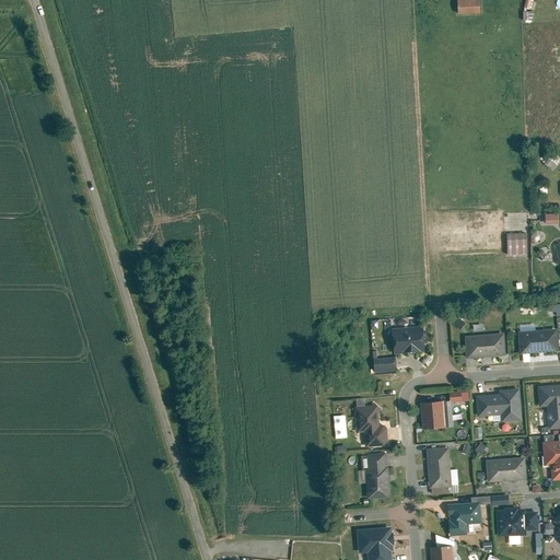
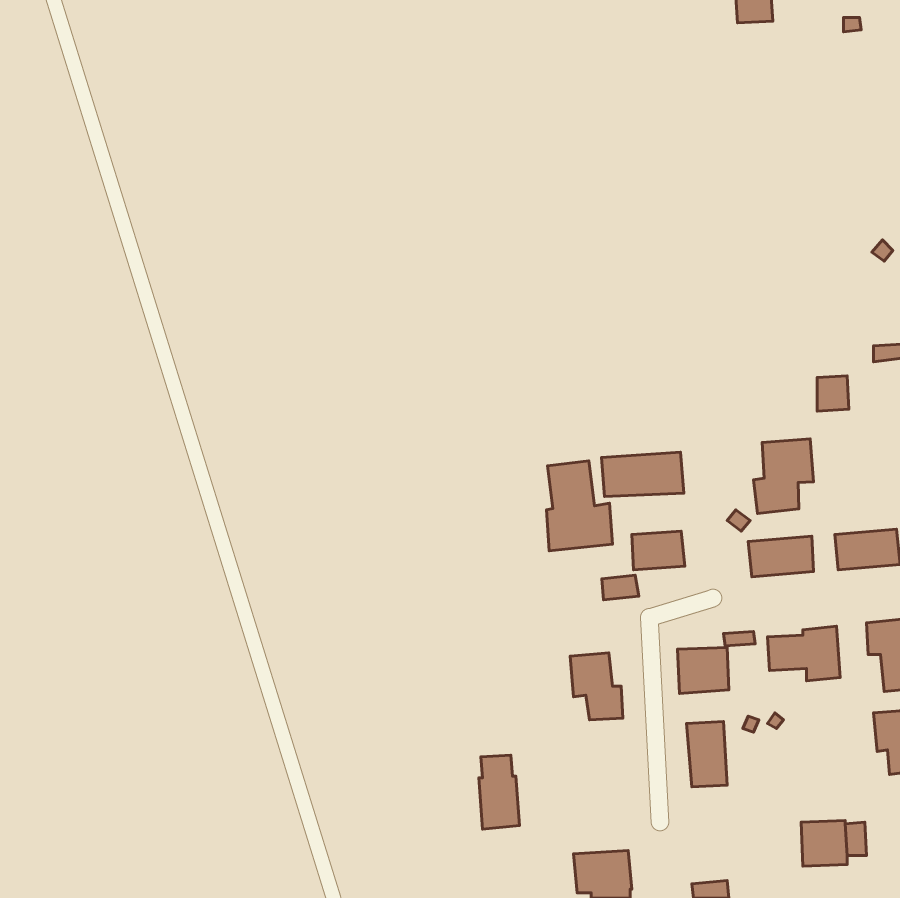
building: none -> [753,439,814,513]
building: none -> [601,452,684,497]
building: none -> [546,461,612,551]
building: [365,453,390,499] -> [479,755,520,829]
building: [486,457,527,482] -> none
building: [447,495,490,536] -> none

